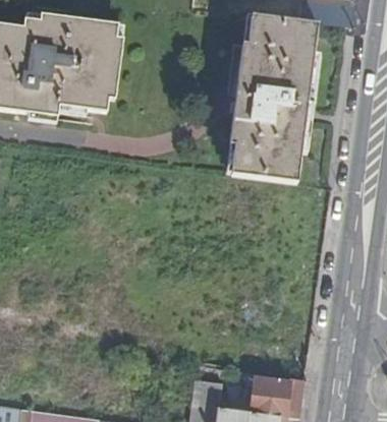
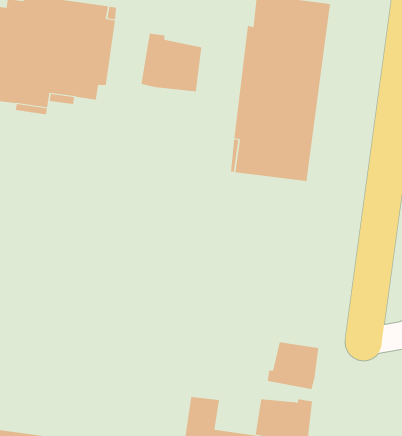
building: none -> [141,33,202,92]
building: none -> [267,342,319,390]

